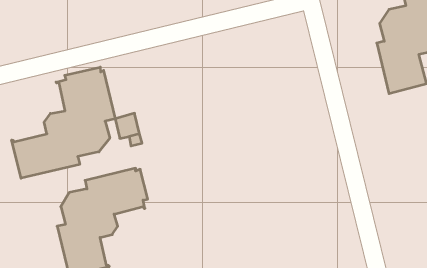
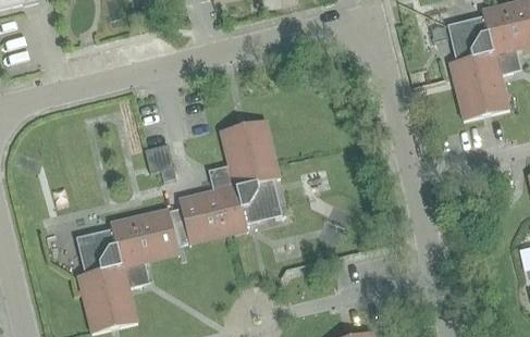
building: [12,67,115,178] -> none
building: none -> [174,118,280,244]

